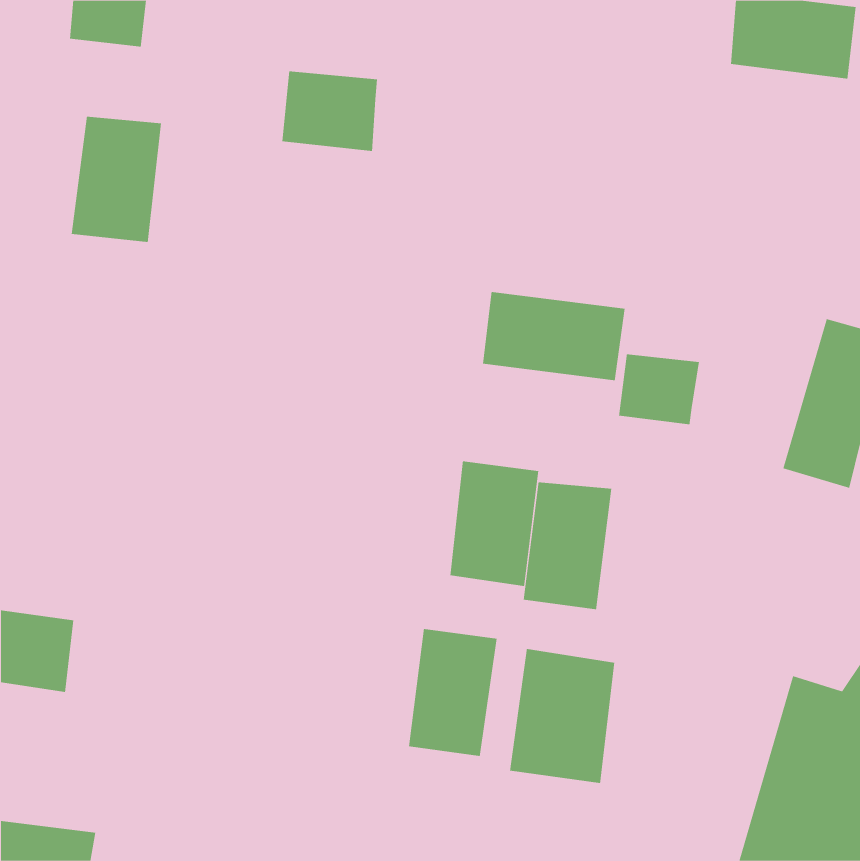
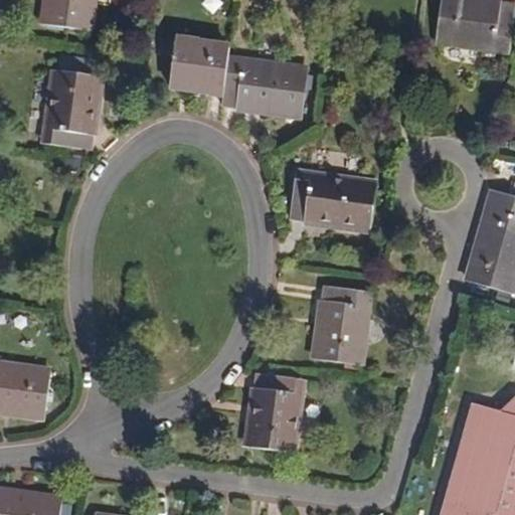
building: none -> [222,59,304,113]
building: [619,354,699,425] -> none
building: [450,461,539,587] -> none
building: [510,648,615,784] -> none

